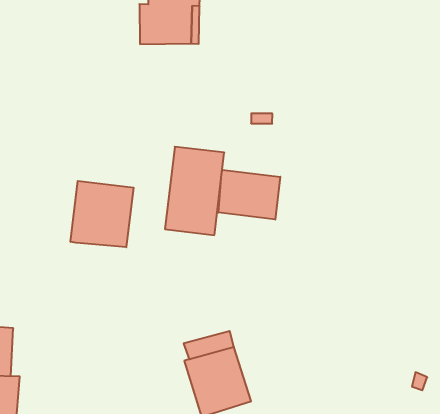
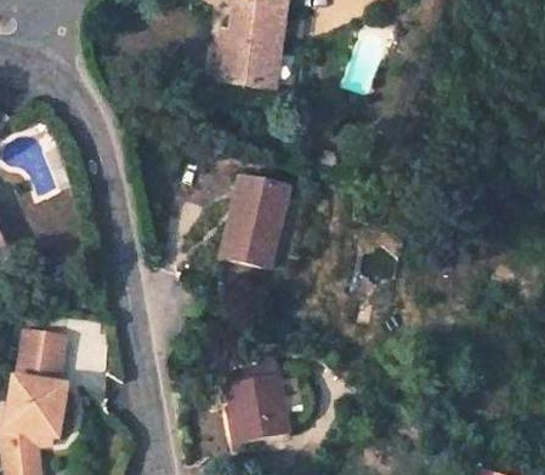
building: [219,170,280,220] -> none
building: [71,181,134,247] -> none

